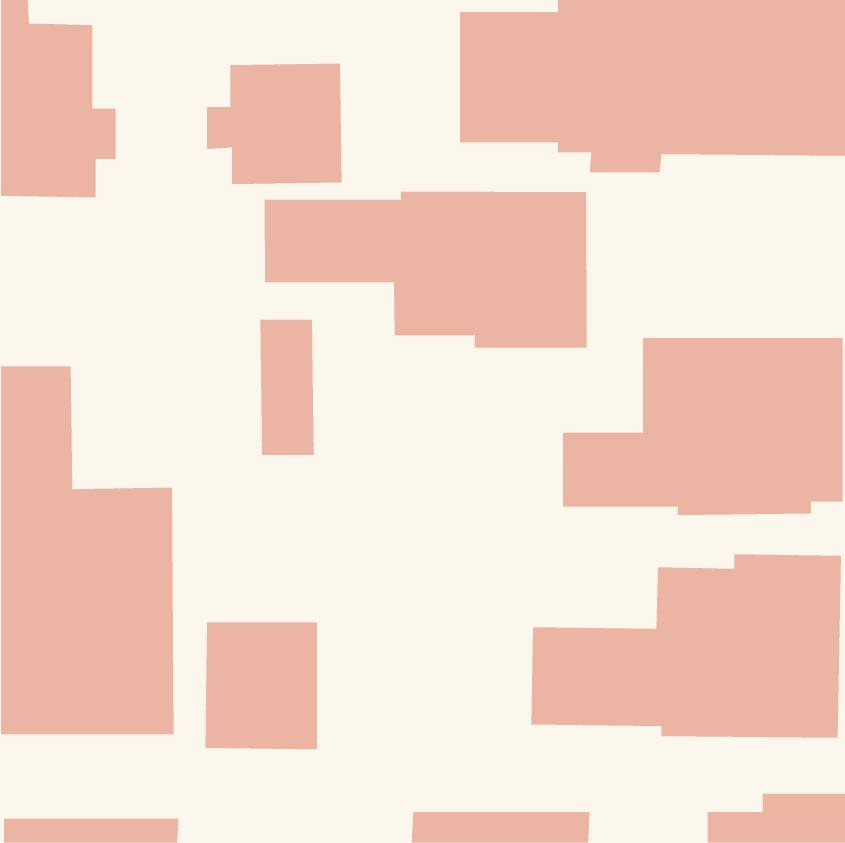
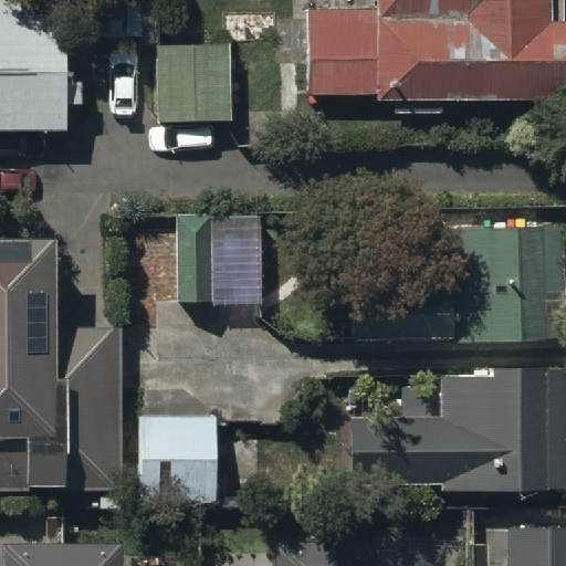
building: [264,191,587,349] -> none

